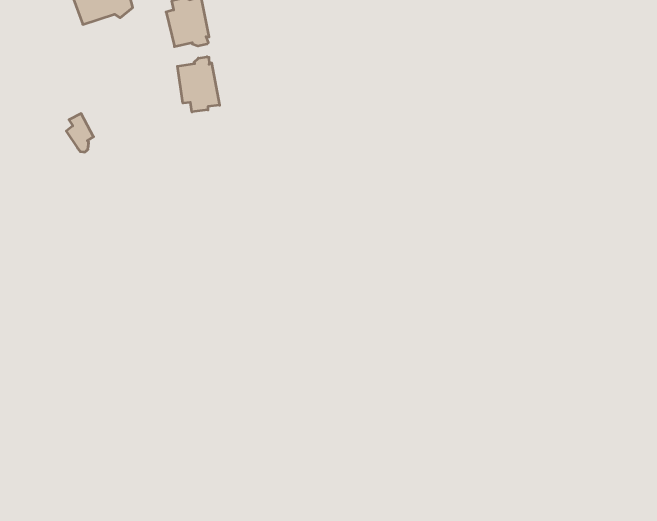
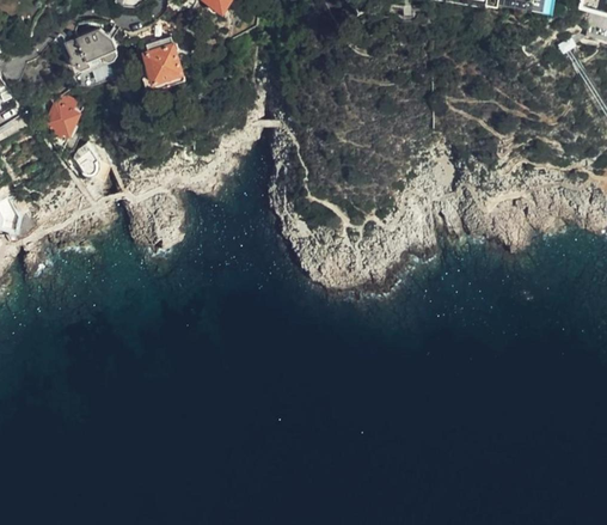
building: [177,57,220,112] -> none
building: none -> [45,103,79,134]

